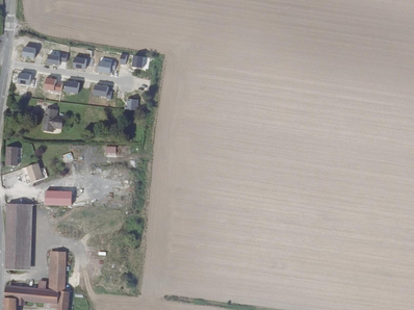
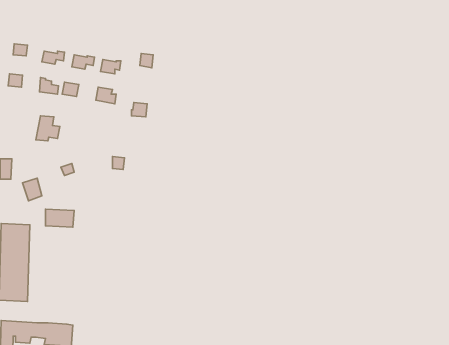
building: [48,252,70,290] -> none

